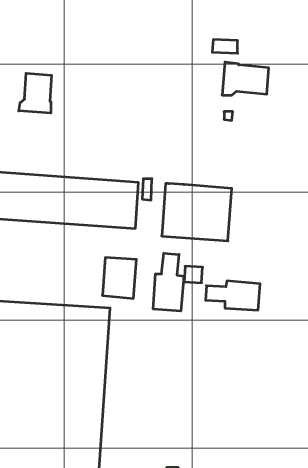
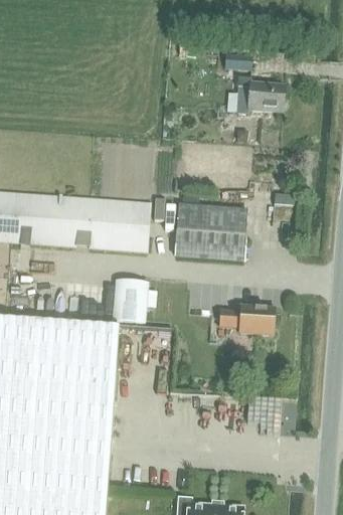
building: [19,73,51,113] -> none
building: [153,253,184,311] -> none

